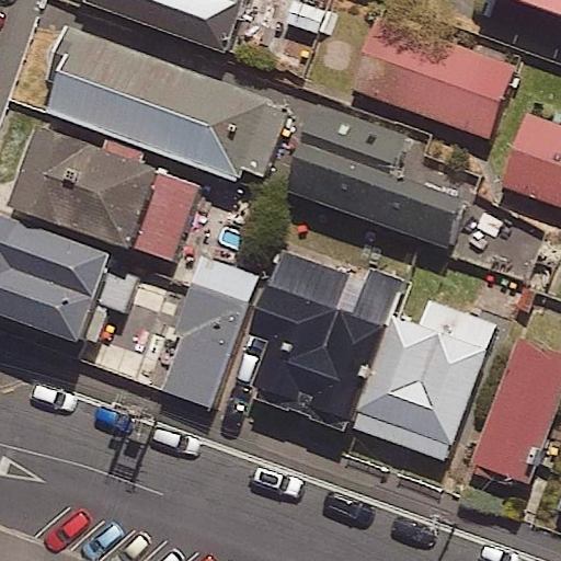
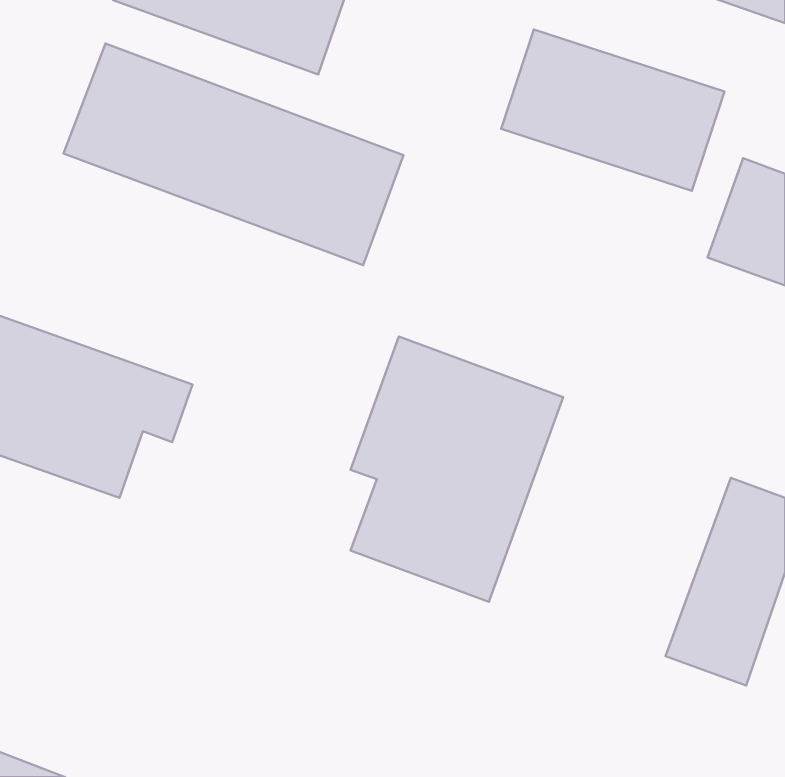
building: [287,107,465,249] -> none
building: [18,139,195,266] -> none
building: [159,248,256,403] -> none
building: [356,297,494,458] -> none

